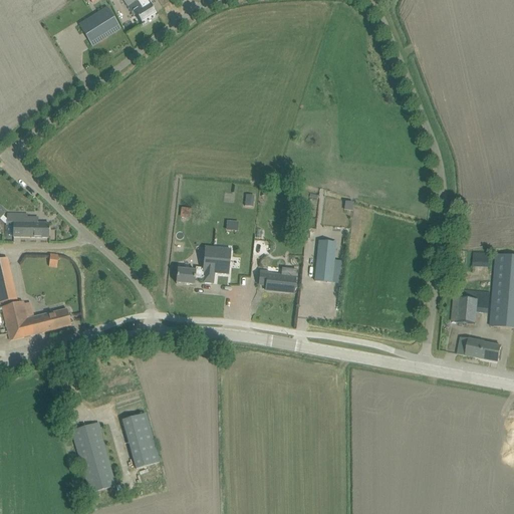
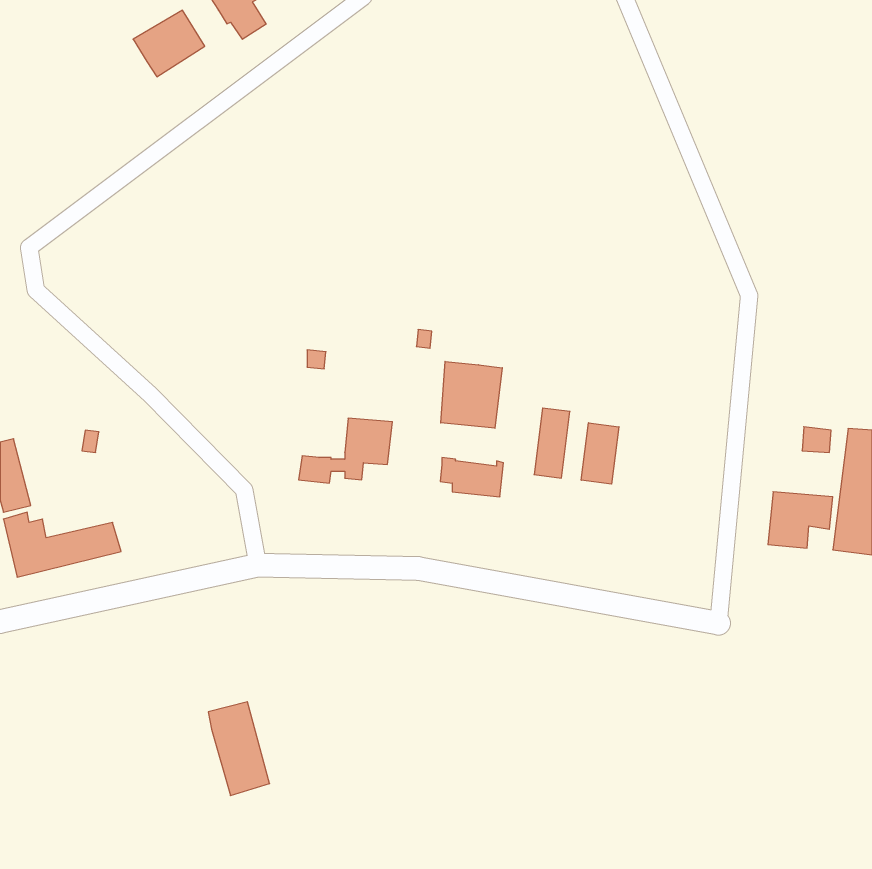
building: [7,212,49,236] -> none
building: none -> [441,361,502,428]
building: none -> [581,423,619,484]
building: [458,336,501,360] -> none
building: [71,422,115,492] -> none

